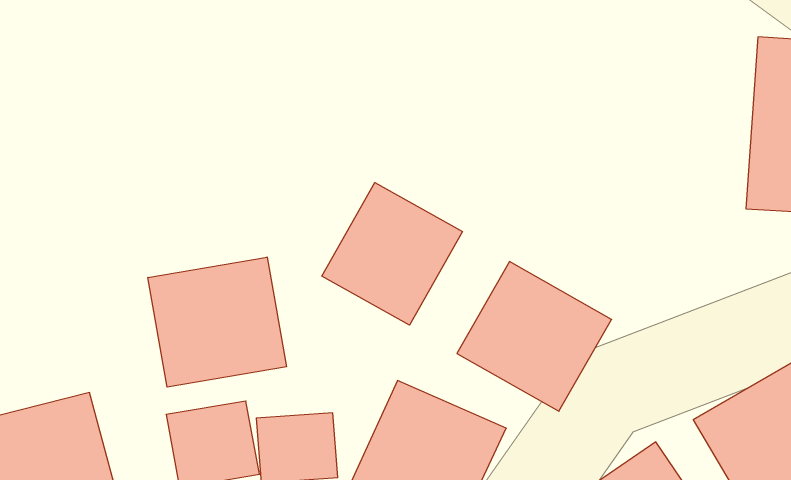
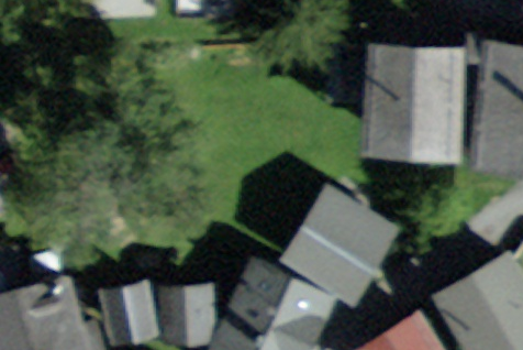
building: none -> [383,45,461,139]
building: [322,183,462,325] -> none
building: [148,257,286,387] -> none

